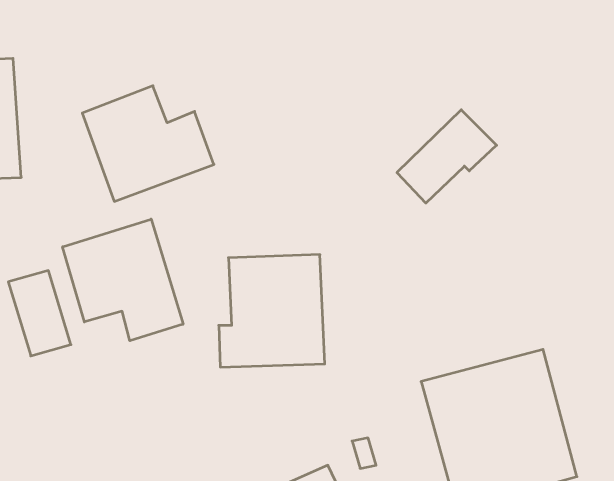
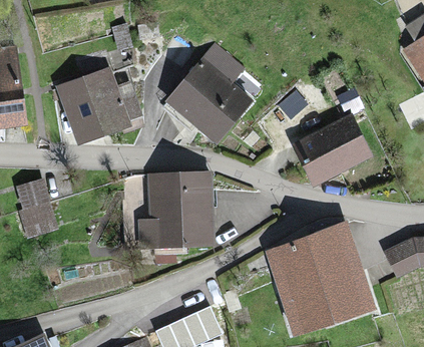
building: none -> [166,53,245,138]
building: none -> [299,122,368,186]
building: [63,219,183,341] -> none

